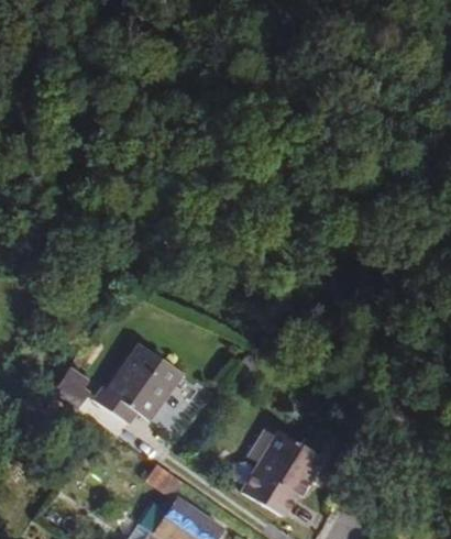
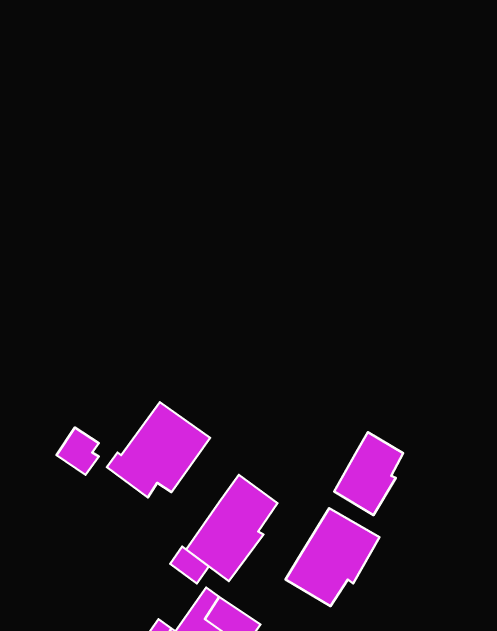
building: none -> [334,432,403,515]
building: none -> [186,475,277,581]

